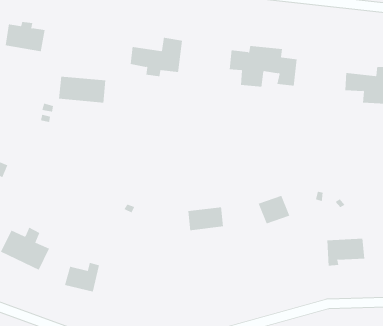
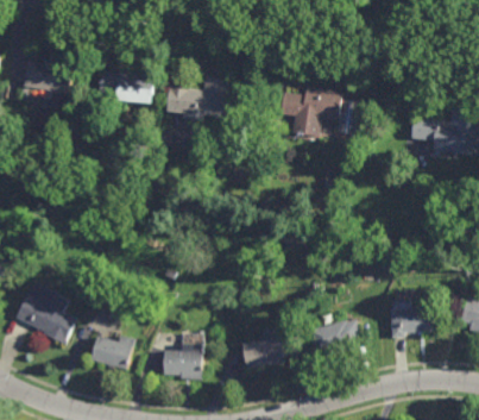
building: [58,76,106,103] -> [99,71,153,102]
building: [258,195,290,224] -> [316,320,353,353]
building: [188,207,224,231] -> [242,340,284,368]
building: none -> [163,339,202,374]

